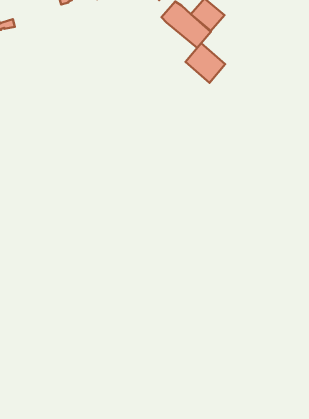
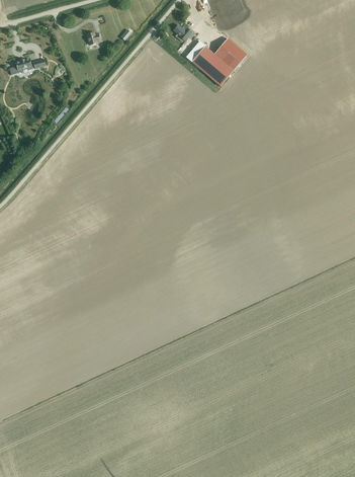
building: [185,43,225,83] -> none

